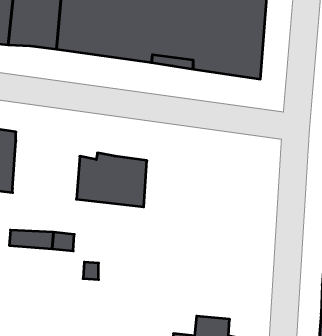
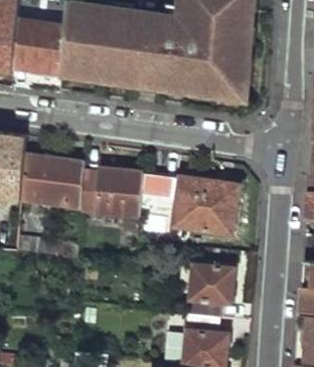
building: none -> [19,157,81,212]
building: none -> [140,174,237,236]
building: none -> [187,265,232,320]

